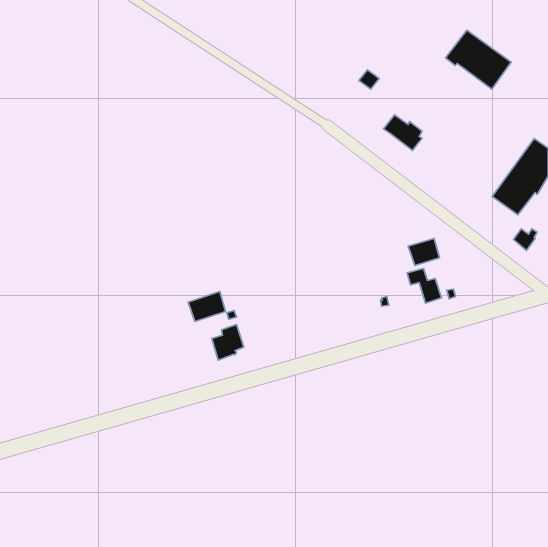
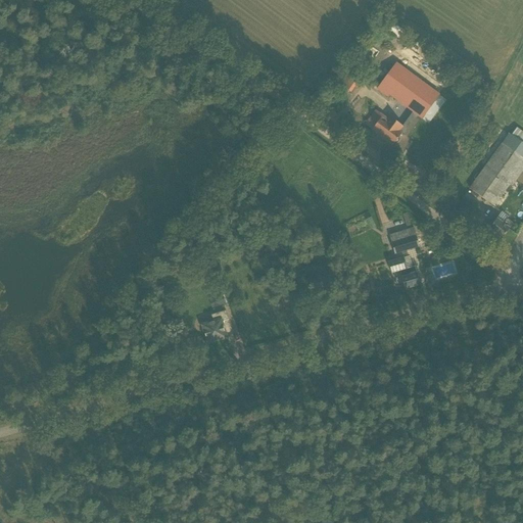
building: [445,30,511,89] -> [376,61,438,117]
building: [188,292,226,322] -> none

